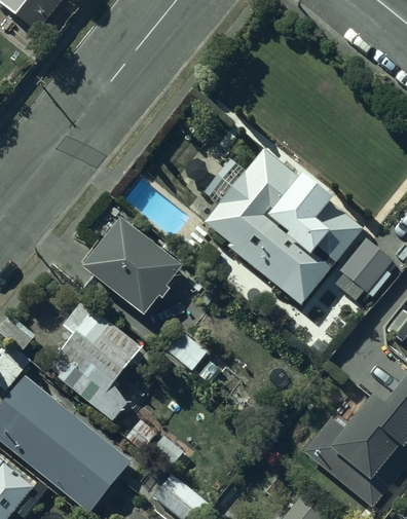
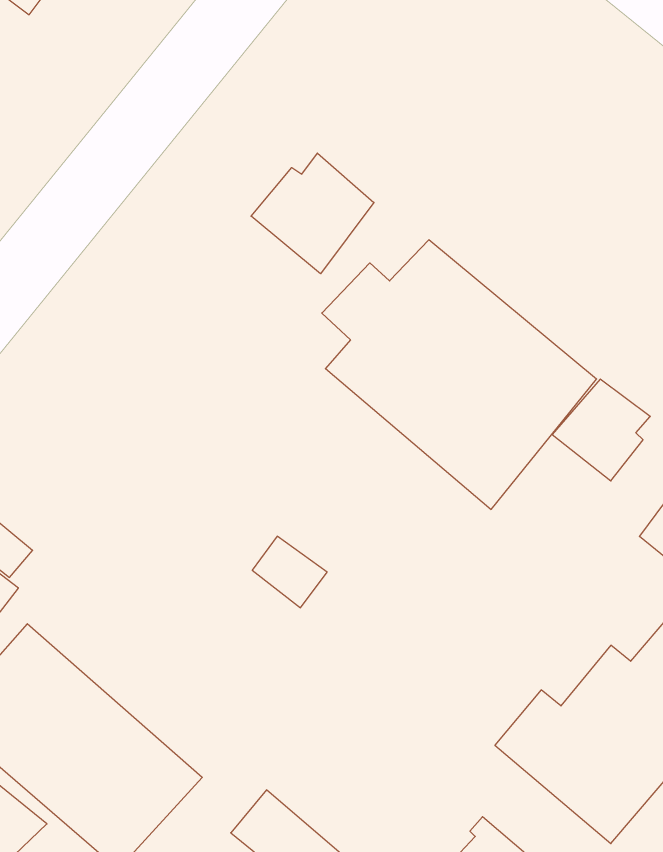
building: none -> [251,153,374,274]
building: [83,221,185,321] -> none
building: [54,304,144,423] -> none

